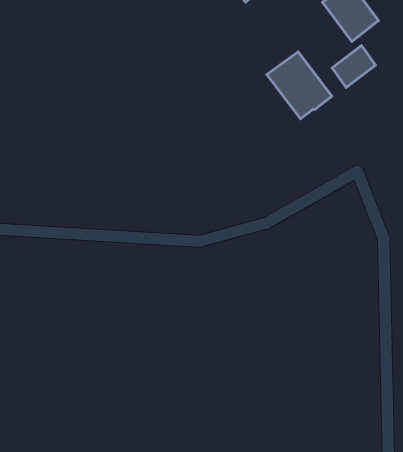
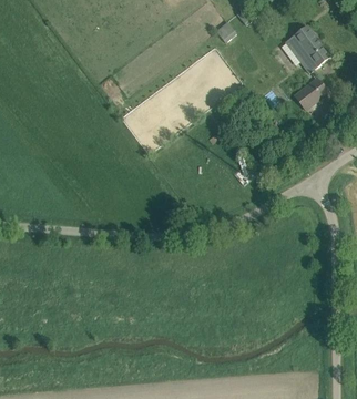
building: [267,52,332,119] -> none

